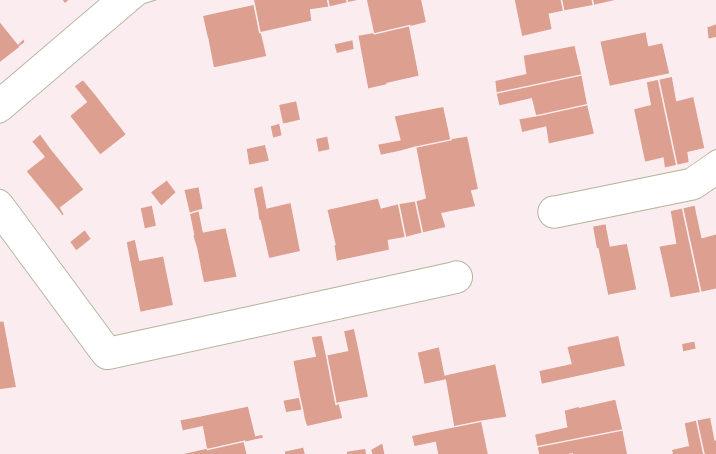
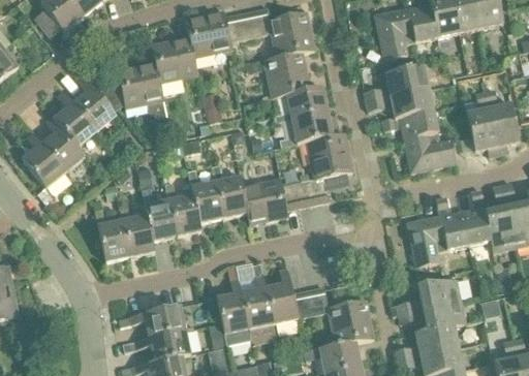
building: [599,31,670,86] -> [404,131,456,171]
building: none -> [101,61,167,117]
building: none -> [73,74,116,135]
building: none -> [274,86,328,122]
building: none -> [41,116,85,176]
building: none -> [212,164,248,217]
building: none -> [165,182,201,236]
building: none -> [462,189,491,245]
building: none -> [119,202,155,256]
building: none -> [407,215,447,267]
building: none -> [266,268,313,328]
building: none -> [399,301,466,331]
building: none -> [129,305,191,337]

